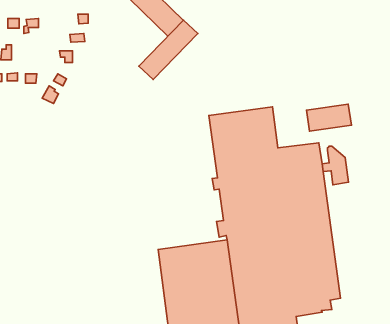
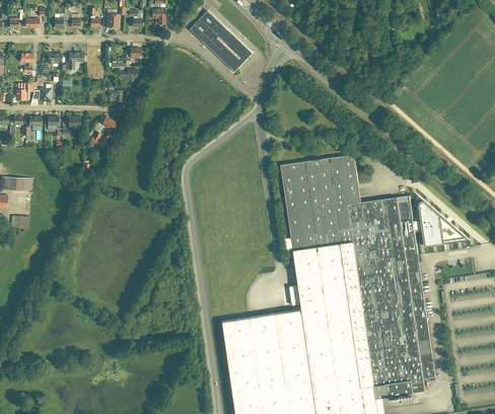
building: [139,20,198,79] -> none
building: [306,104,352,131] -> none

